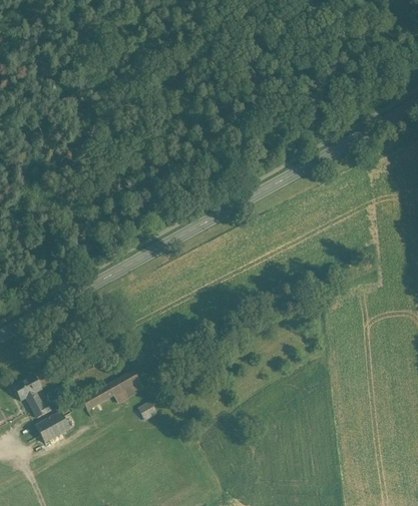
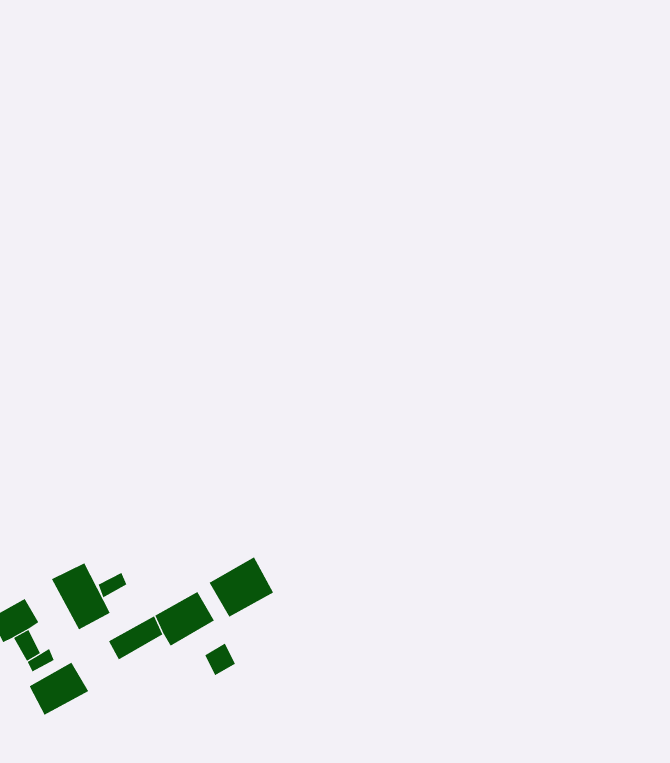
building: none -> [209,556,274,617]
building: none -> [51,563,110,630]

